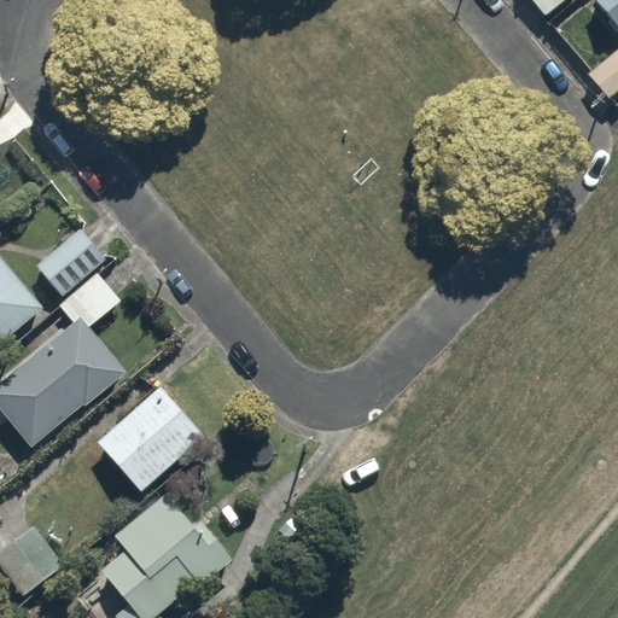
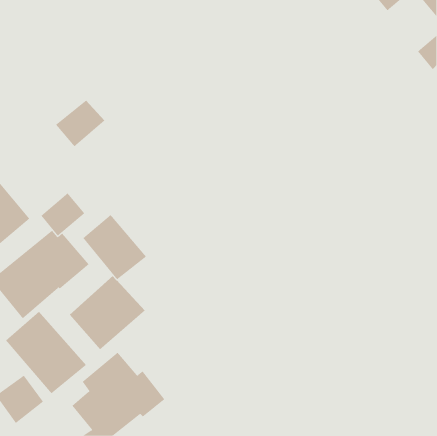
building: [35,229,105,296] -> [55,100,105,147]
building: none -> [83,214,147,280]
building: none -> [5,311,87,394]

